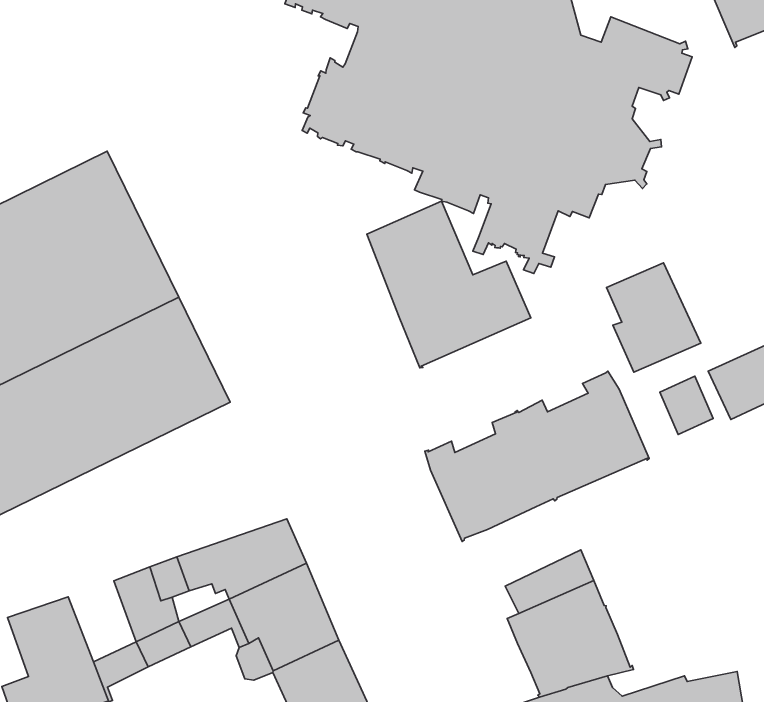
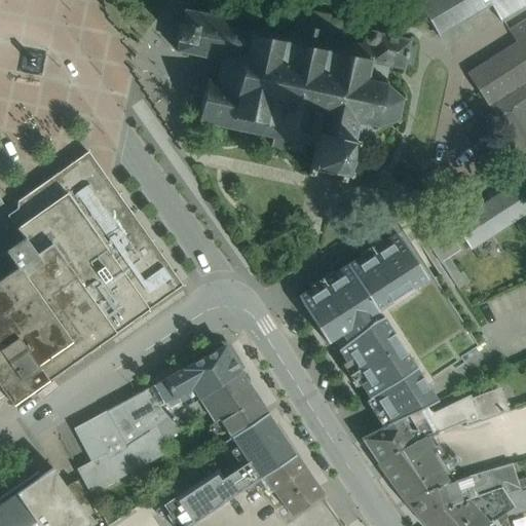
building: [367,201,531,368] -> none
building: [606,263,701,372] -> none
building: none -> [339,316,398,366]
building: none -> [108,399,151,447]

